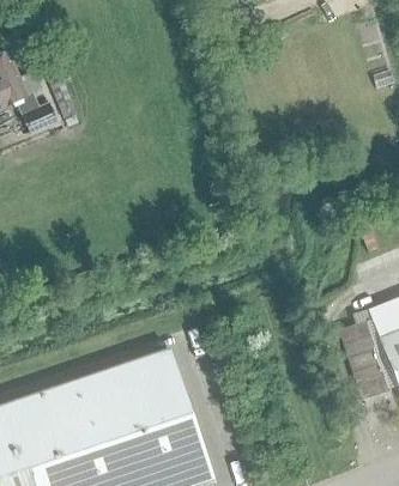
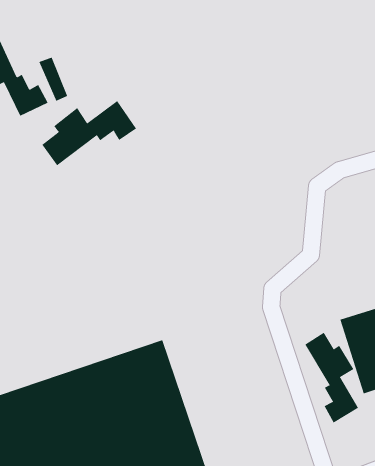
building: none -> [41,100,137,166]
building: none -> [304,332,359,424]

